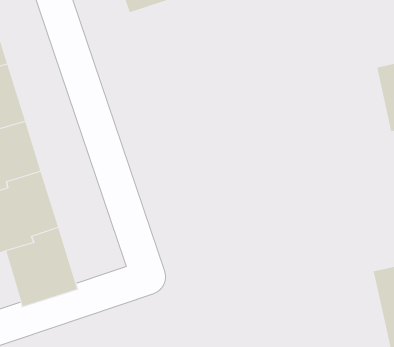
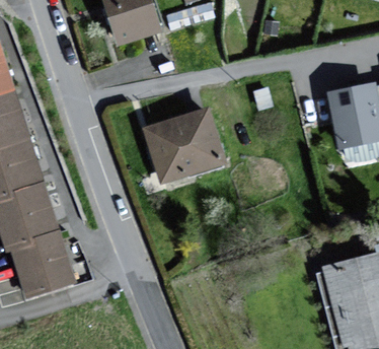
building: none -> [141,108,225,187]

